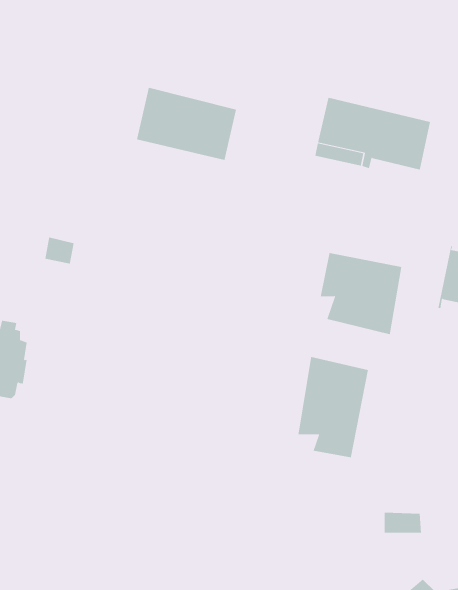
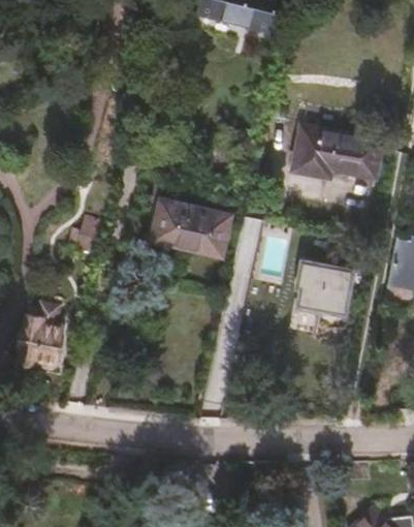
building: [136,87,237,160] -> [149,200,228,258]
building: [298,356,369,458] -> none

